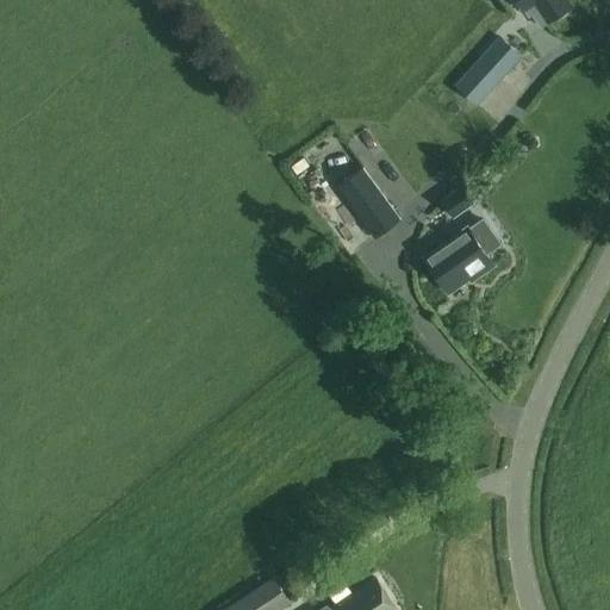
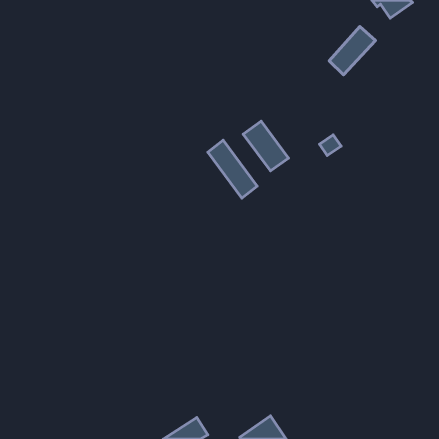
building: none -> [208,140,257,198]
building: [424,219,499,292] -> none

